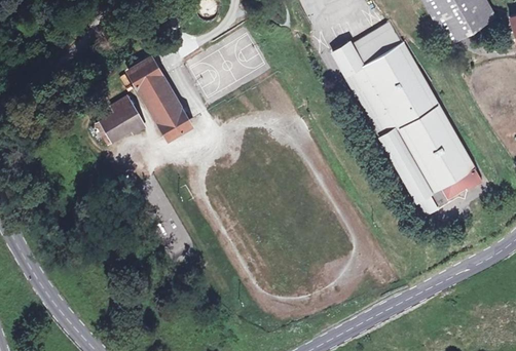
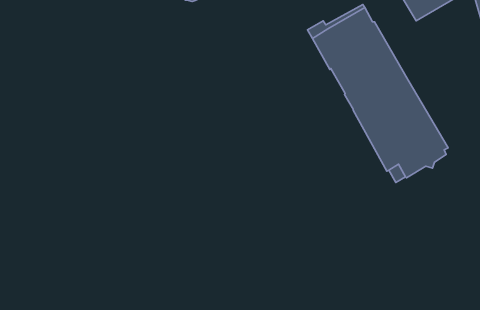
building: [128,58,187,137] -> none
building: [95,96,143,143] -> none

